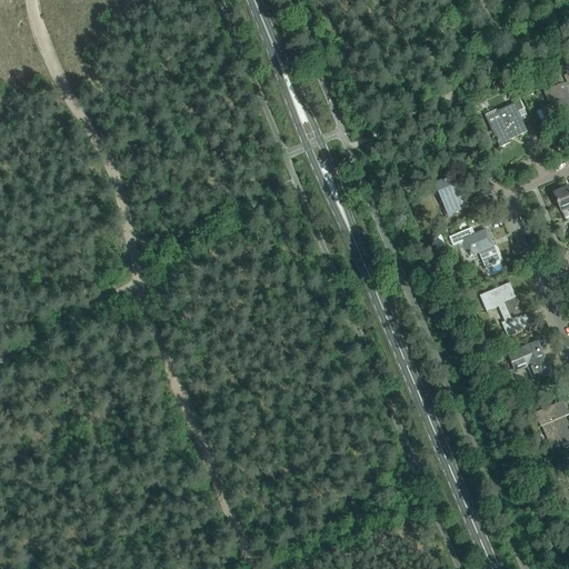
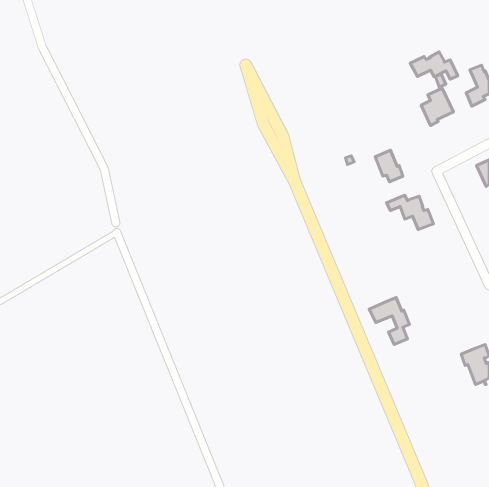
building: none -> [410,52,458,79]
building: [479,281,526,336] -> [369,298,409,345]
building: [508,340,551,380] -> none

